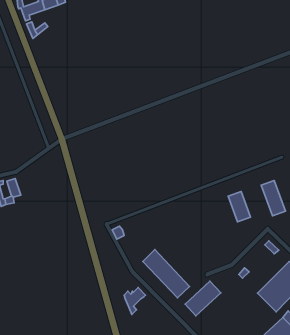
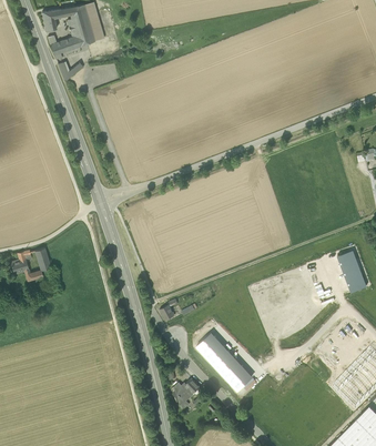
building: [228,191,251,222] -> none
building: [185,281,221,316] -> none

